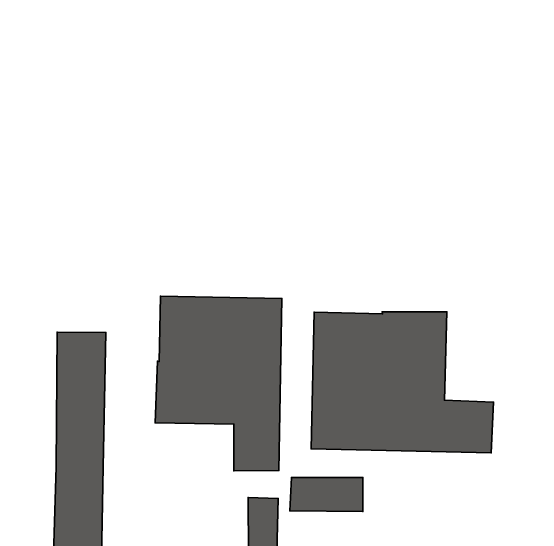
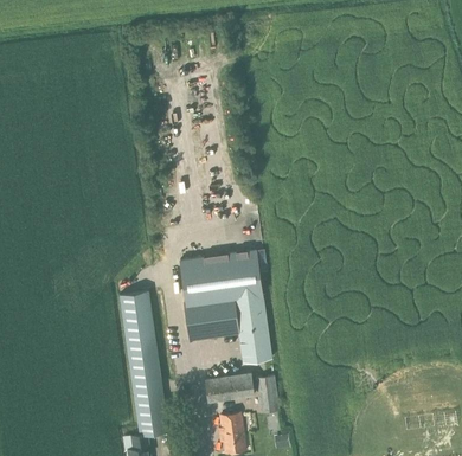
building: [311,312,494,453] -> none
building: [290,477,363,511] -> [205,373,254,402]

